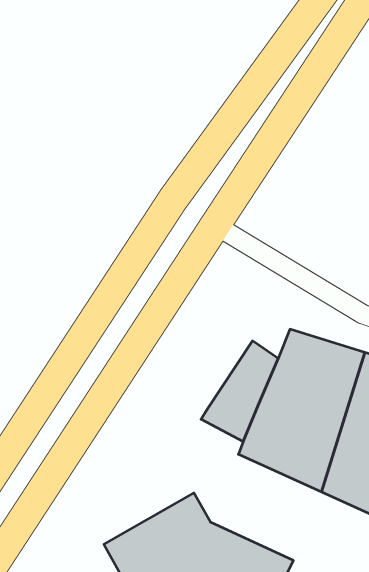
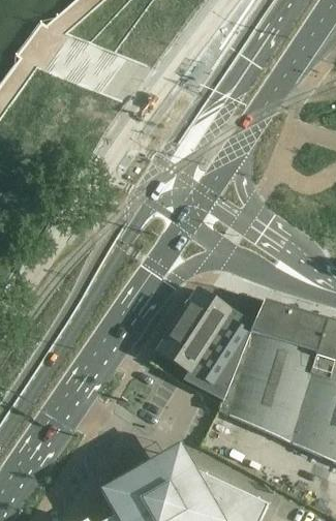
building: none -> [158,287,232,370]

